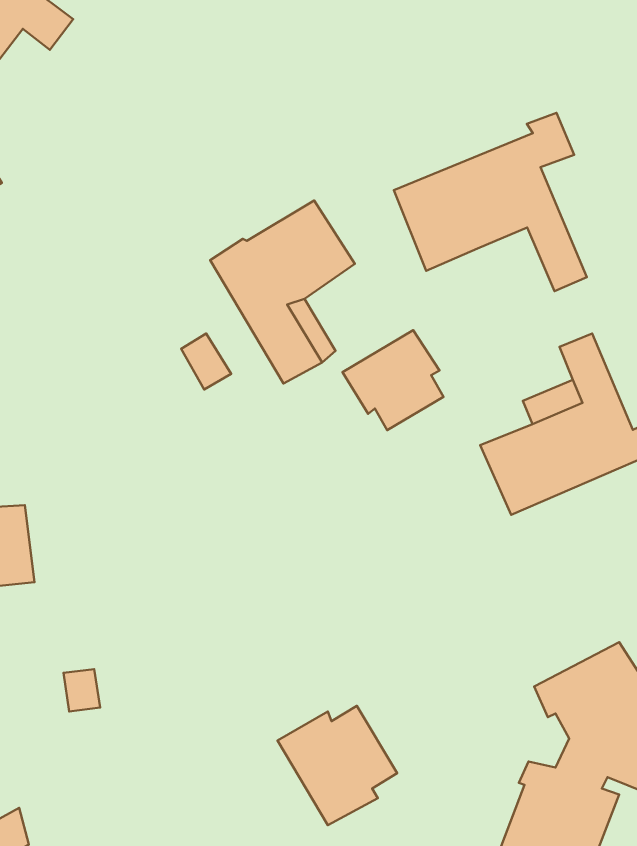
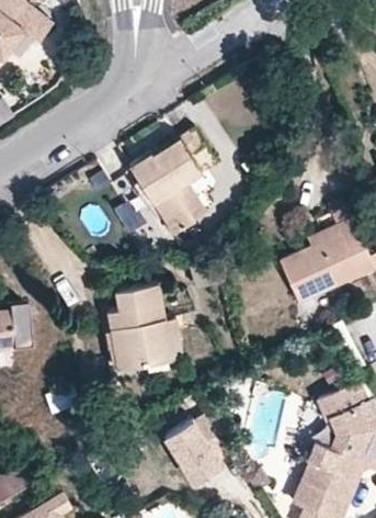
building: [394,113,587,291] -> none
building: [343,330,444,430] -> none
building: none -> [111,281,172,369]

